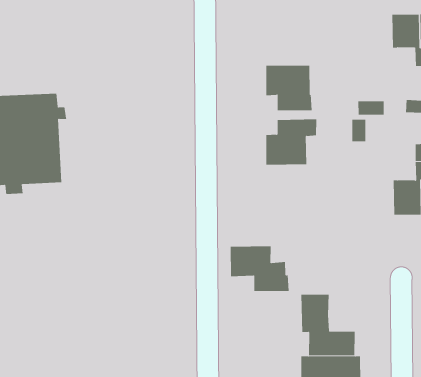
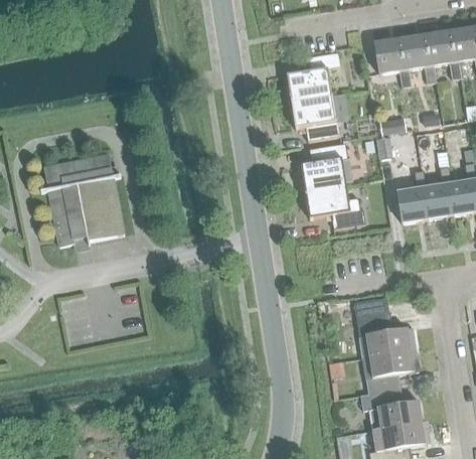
building: none -> [373,38,411,86]
building: none -> [287,51,341,101]
building: none -> [396,170,427,221]
building: [230,246,289,292] -> [305,184,364,227]

